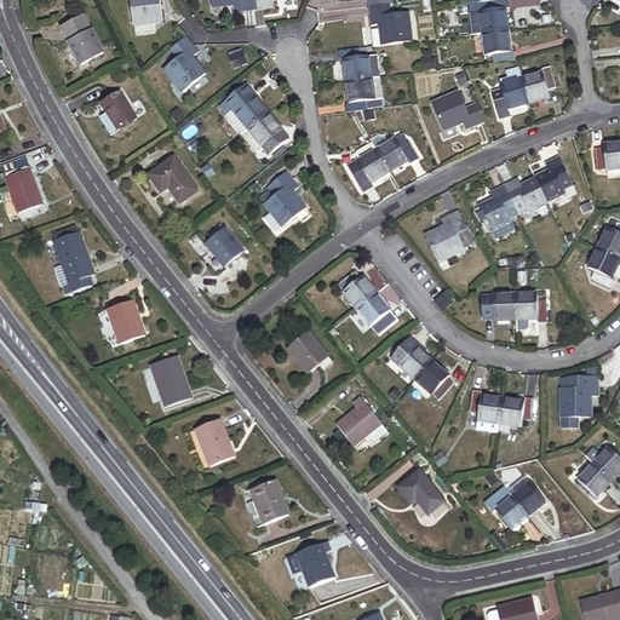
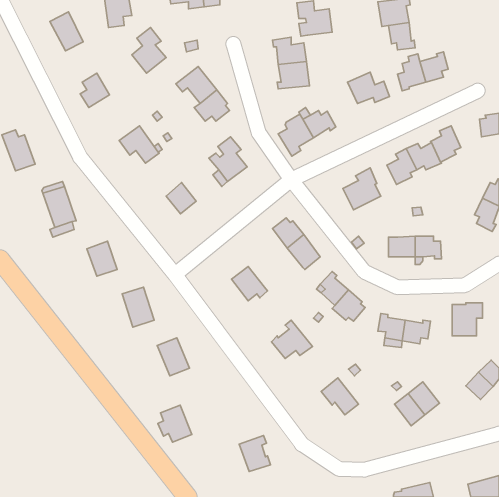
building: [247,478,289,524] -> [158,405,192,442]

